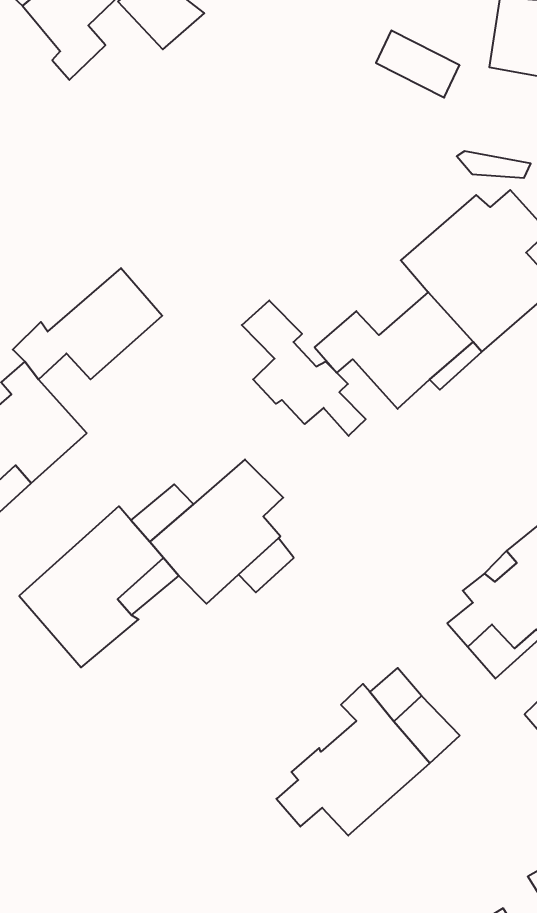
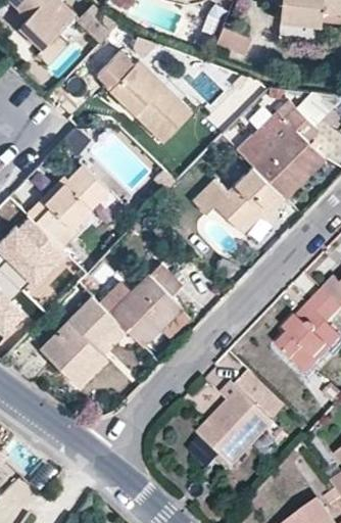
building: none -> [96,50,189,140]
building: [242,300,366,436] -> none

